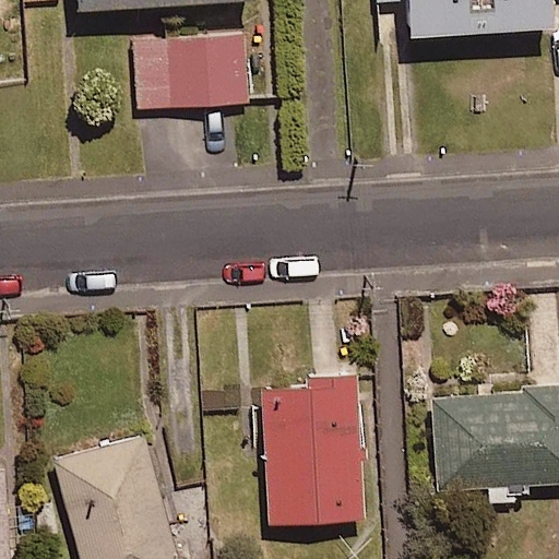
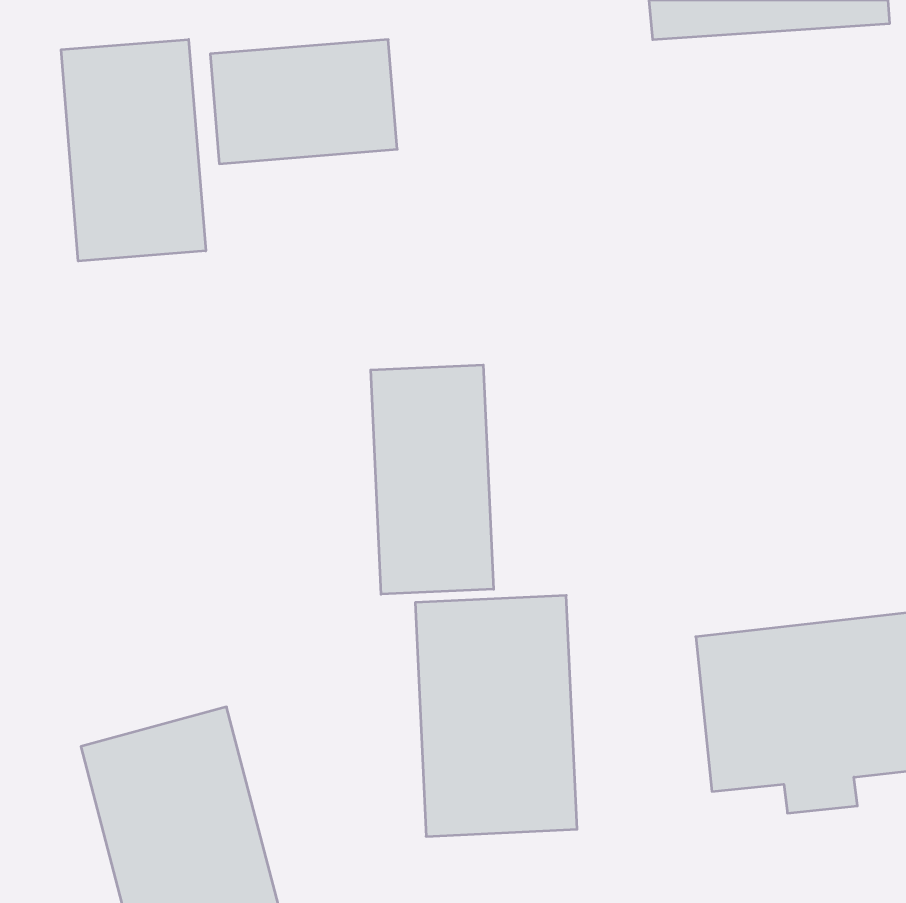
building: none -> [61,39,206,261]
building: none -> [371,365,494,594]

